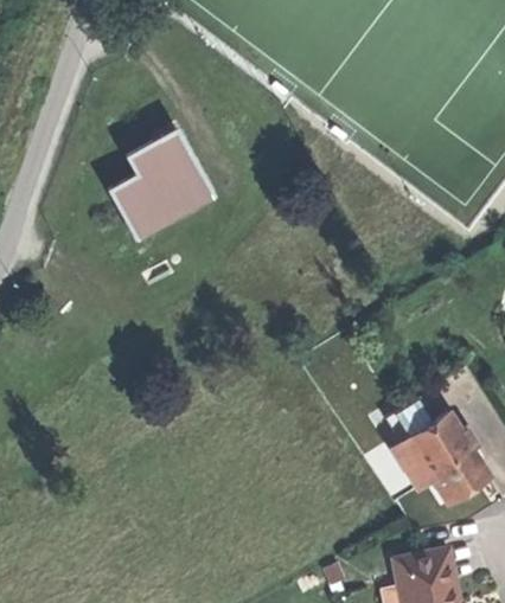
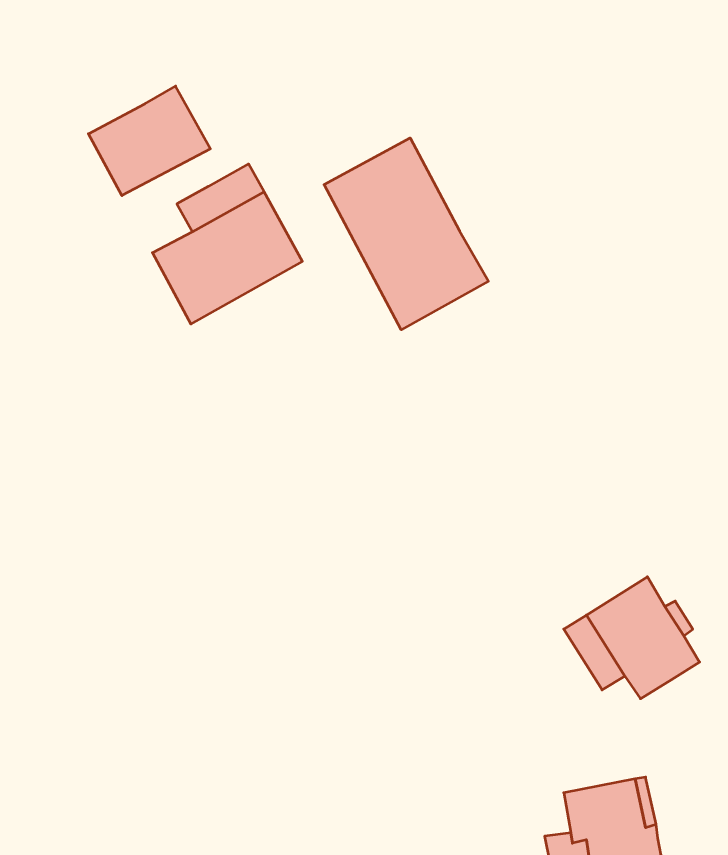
building: none -> [88,86,210,196]
building: none -> [324,138,488,330]

